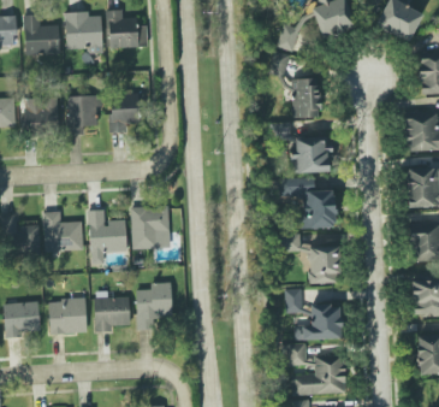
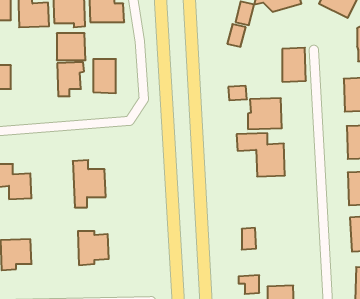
building: [292,77,320,117] -> [282,48,306,82]
building: [25,98,59,129] -> [57,33,86,60]
building: [131,206,170,248] -> none
building: [43,211,83,250] -> none
building: [279,232,339,283] -> none
building: [136,282,172,329] -> none
building: [48,299,88,334] -> none
building: [295,305,342,340] -> none

